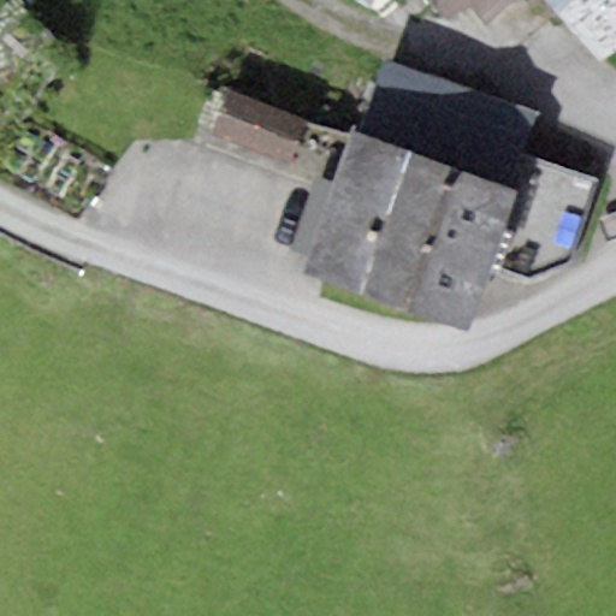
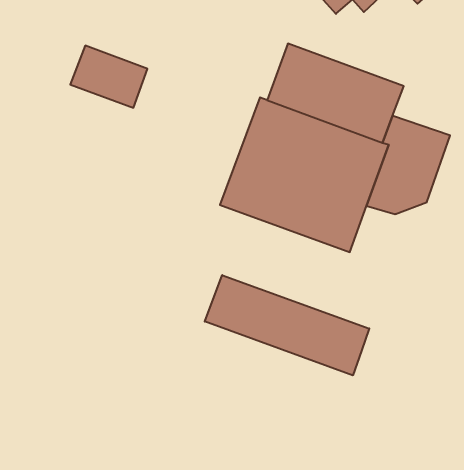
building: [196,84,296,165] -> [70,46,147,108]
building: none -> [205,275,369,375]

